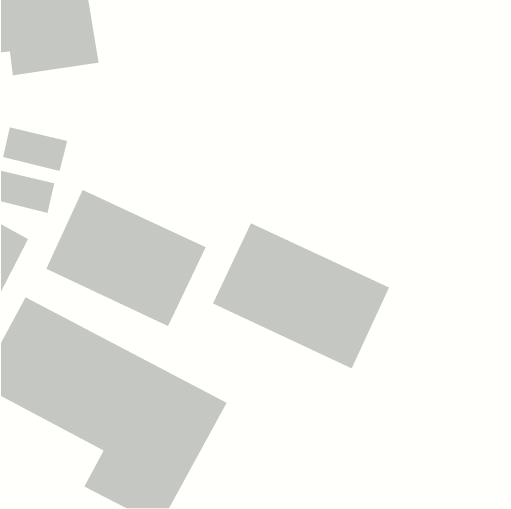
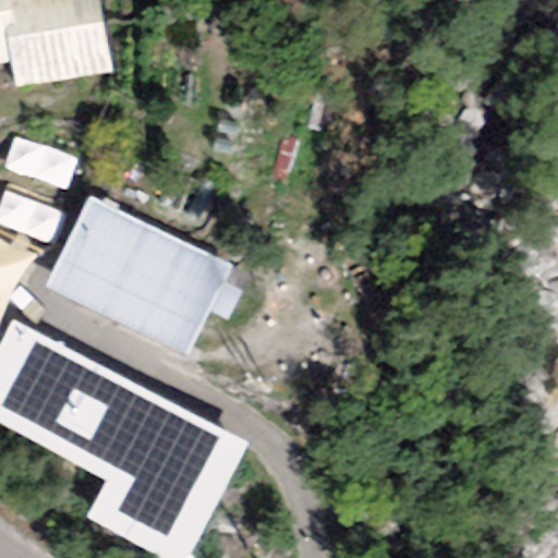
building: [212,222,390,370] -> none

